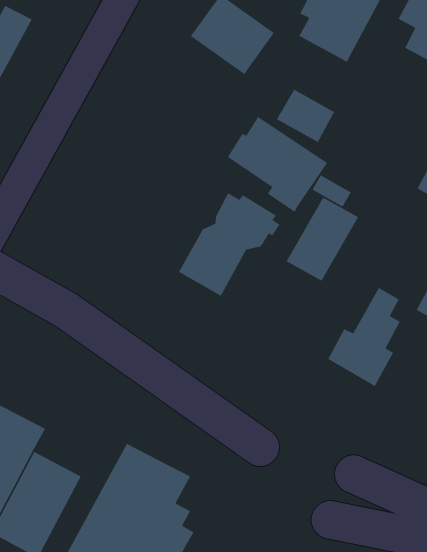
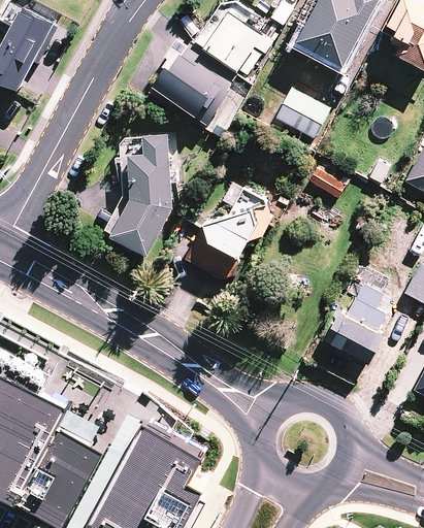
building: [227,116,328,213] -> [155,48,249,138]
building: none -> [105,133,172,255]
building: [286,196,359,282] -> none

